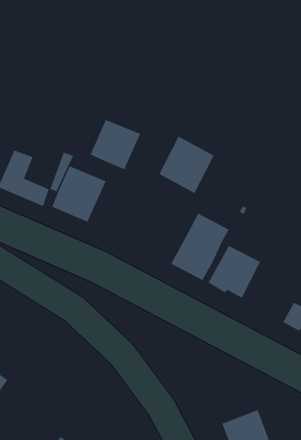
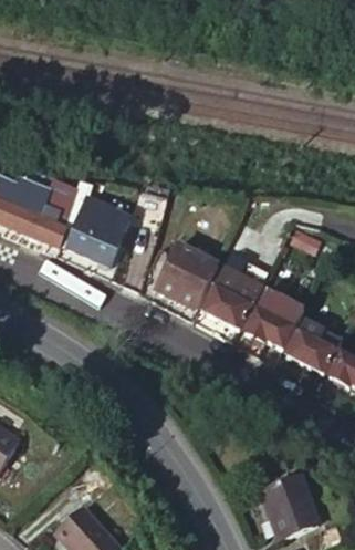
building: [90,119,141,170] -> none
building: [158,136,215,194] -> [155,243,218,309]
building: none -> [286,321,342,373]

